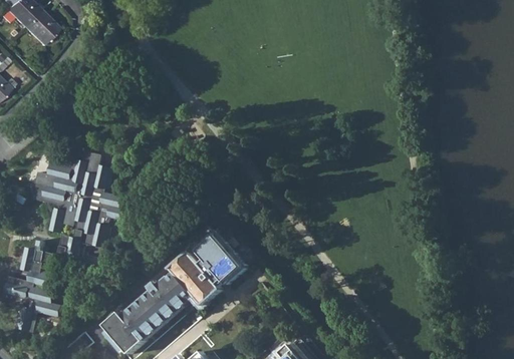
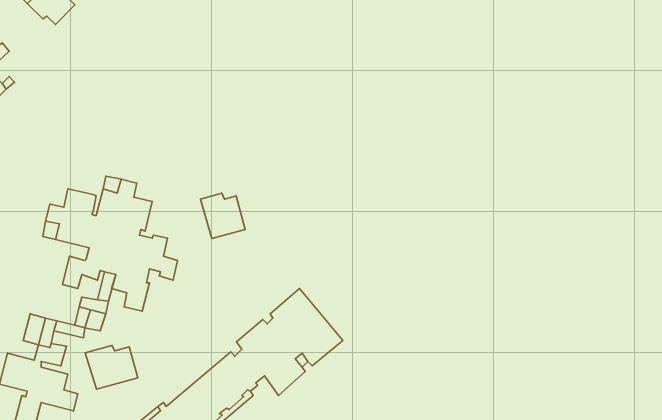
building: none -> [200,193,245,238]
building: none -> [85,346,138,389]

